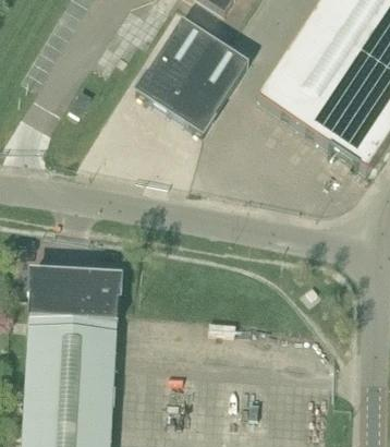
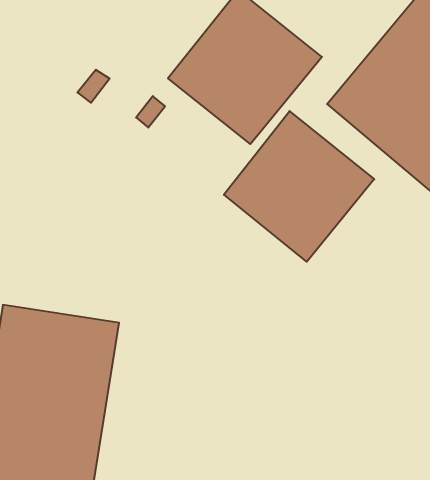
building: none -> [224,111,374,262]

